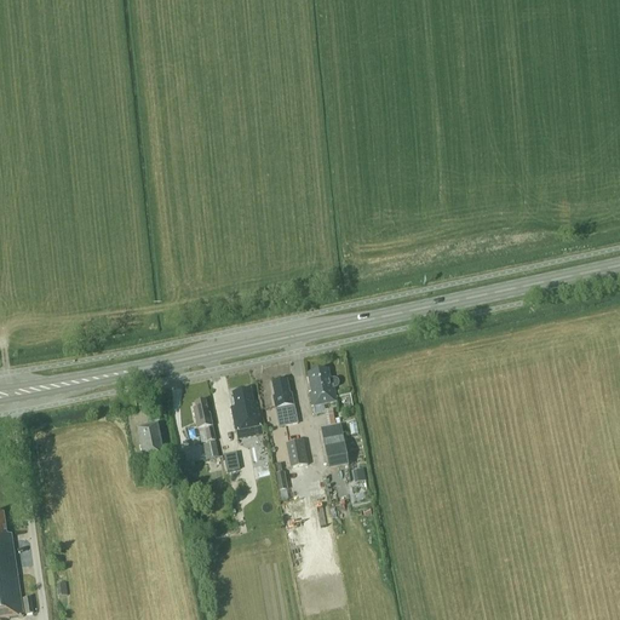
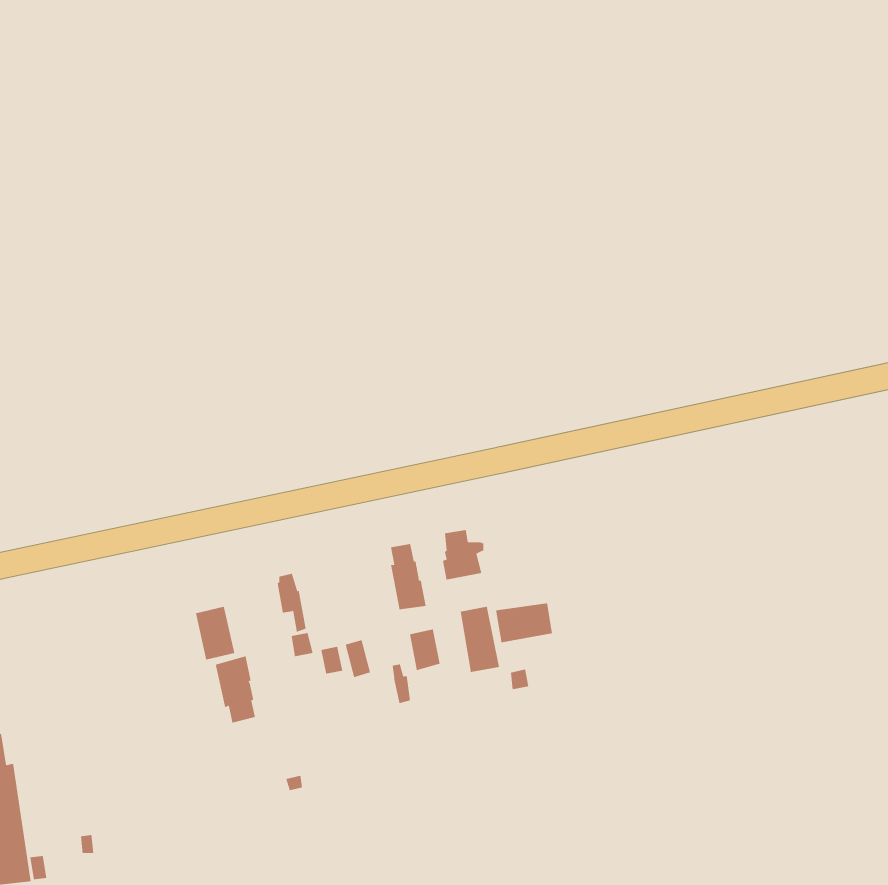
building: [230,386,260,427] -> none
building: none -> [495,602,553,643]
building: none -> [215,656,255,723]

